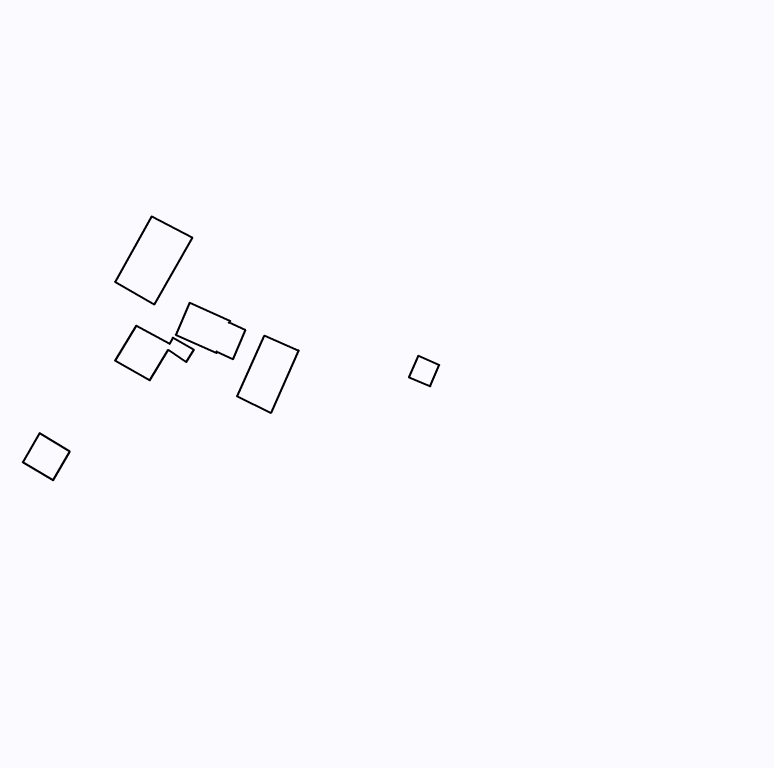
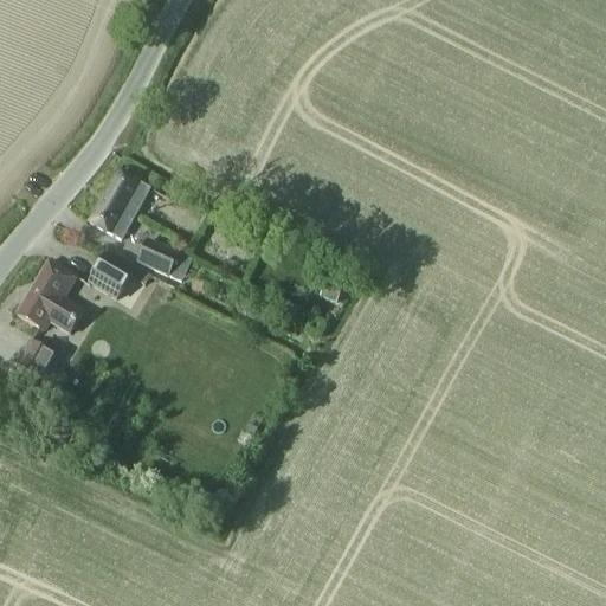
building: none -> [18,258,83,331]
building: [237,336,299,413] -> none

